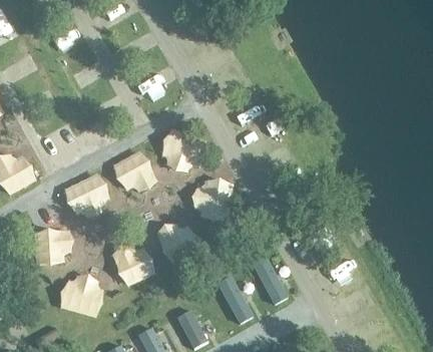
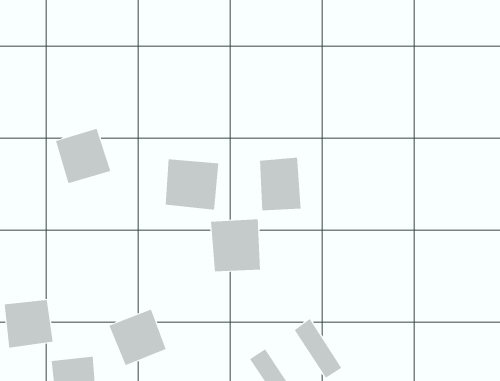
building: none -> [259,157,301,211]
building: [116,151,156,192] -> [55,128,111,184]
building: [65,171,113,220] -> none
building: [159,221,197,254] -> none

